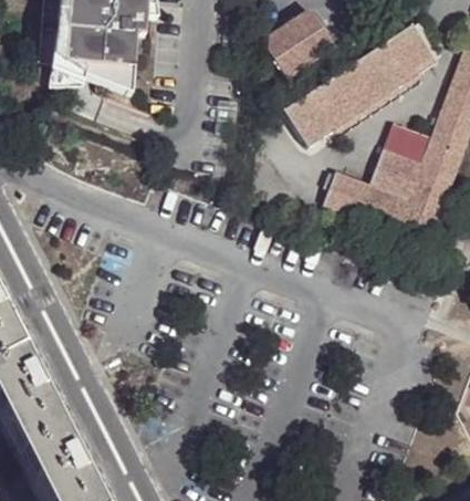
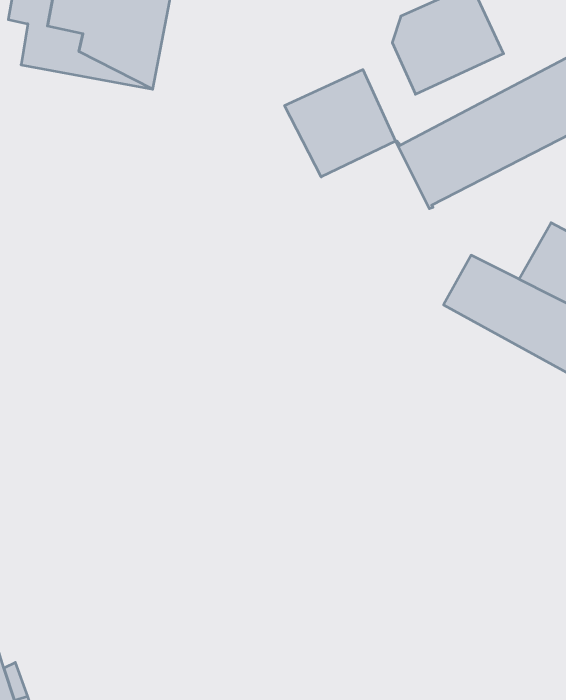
building: none -> [285,70,395,177]

